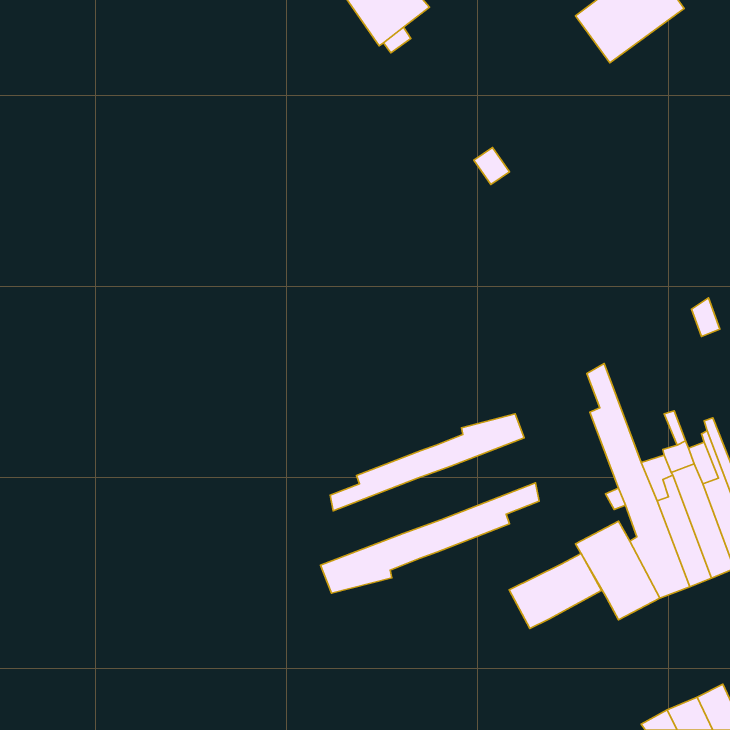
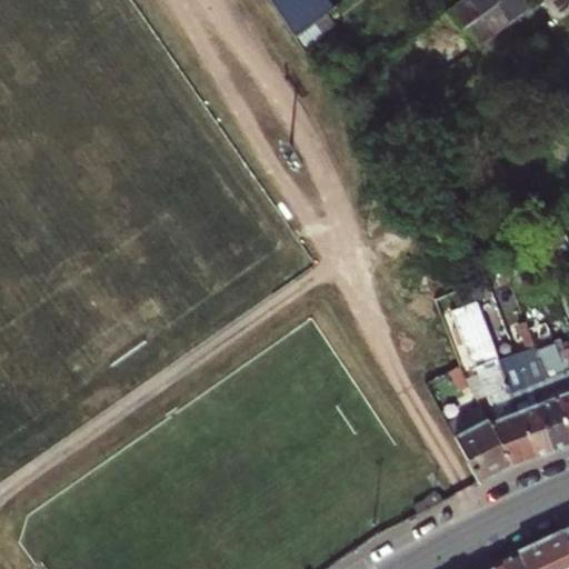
building: [330,414,524,511] -> none
building: [321,483,539,593] -> none
building: [509,554,601,628] -> none

